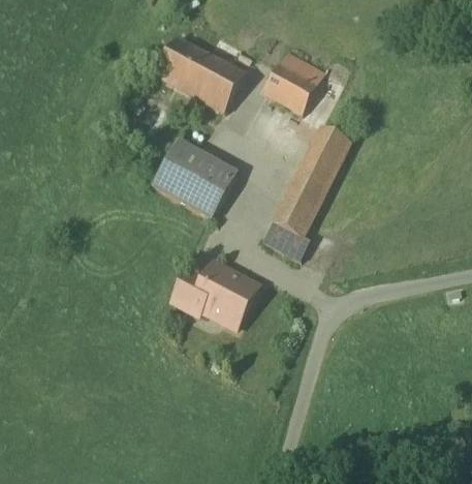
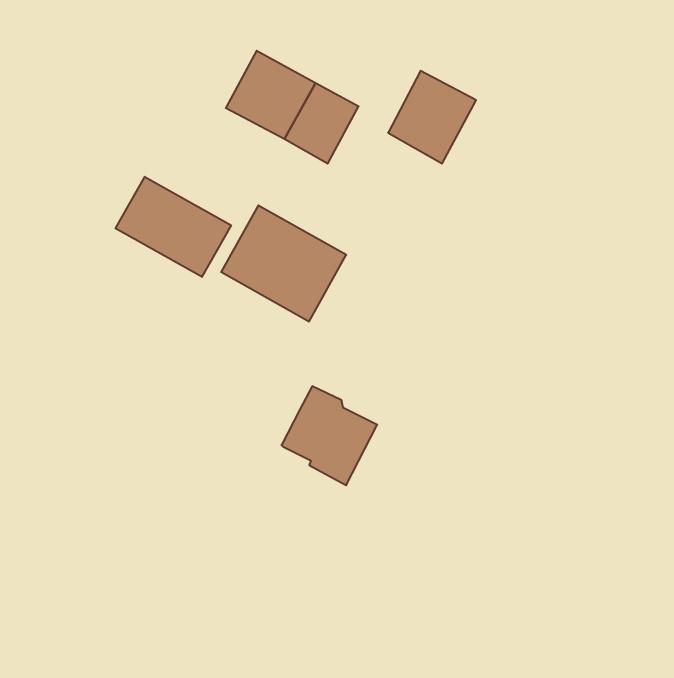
building: none -> [116,177,231,277]
building: [263,125,350,259] -> none
building: [171,267,206,310] -> none

